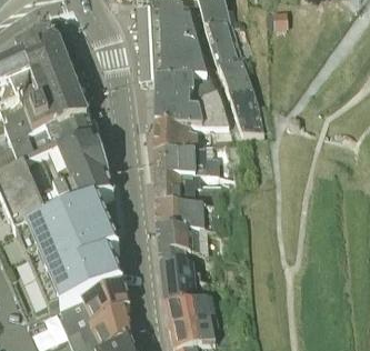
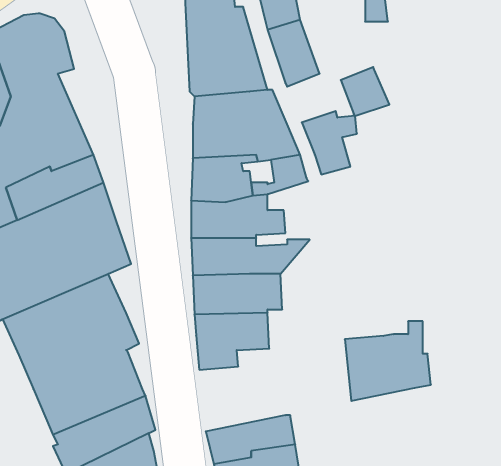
building: [221,63,254,97] -> [341,67,389,116]
building: [161,253,220,308] -> [345,321,431,401]

